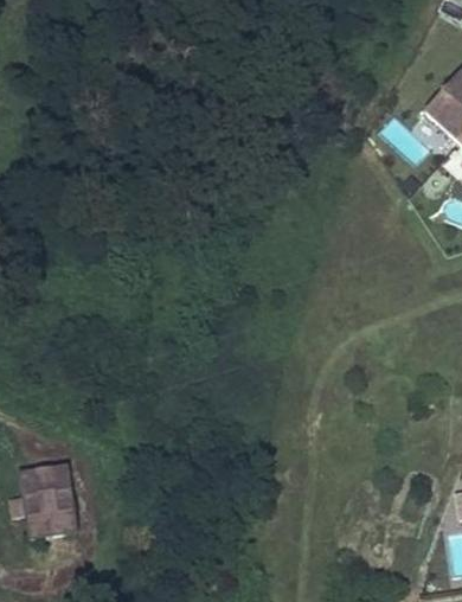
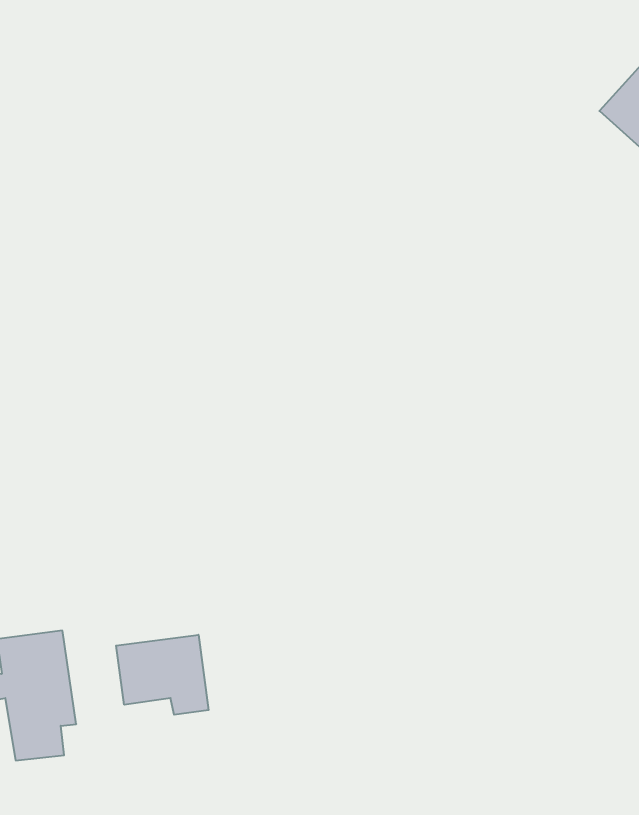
building: none -> [116,635,209,715]

